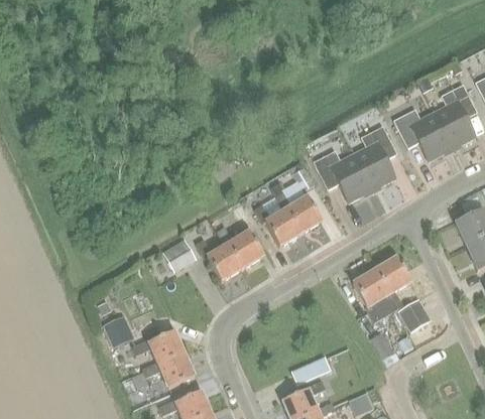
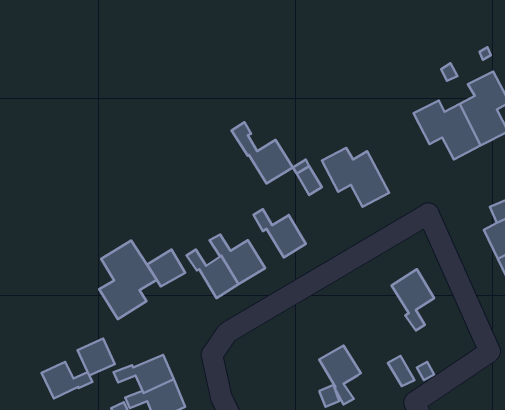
building: [353,125,397,189] -> none
building: [269,180,323,234] -> [232,122,293,184]
building: none -> [99,240,157,319]
building: [353,270,389,321] -> [319,346,361,405]
building: [397,297,430,330] -> none
building: none -> [42,362,92,399]

